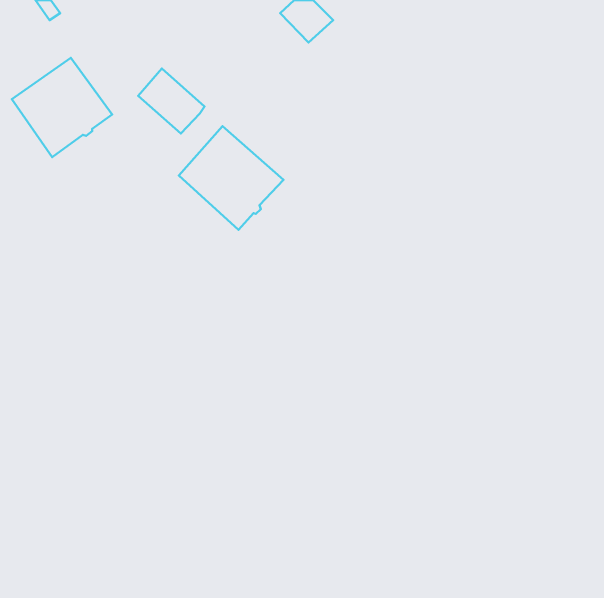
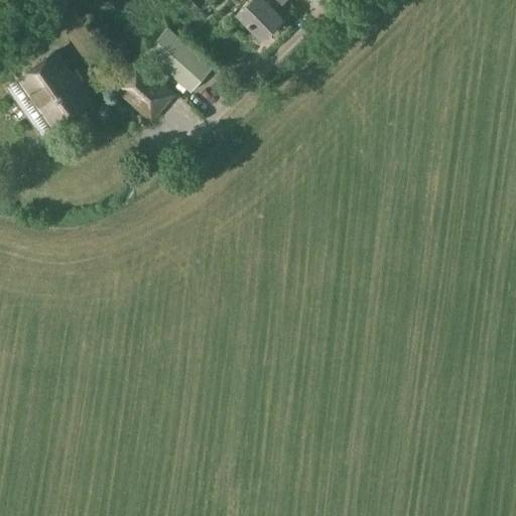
building: none -> [149,28,207,85]
building: [179,126,283,230] -> none

